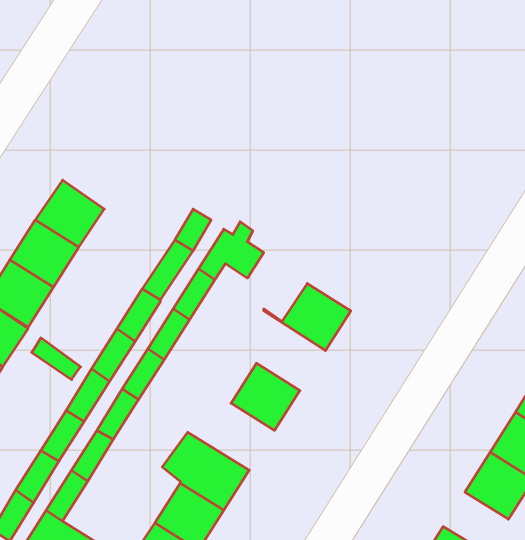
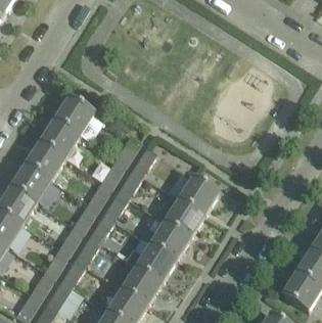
building: none -> [56,95,95,134]
building: none -> [154,191,204,236]
building: none -> [127,243,176,281]

